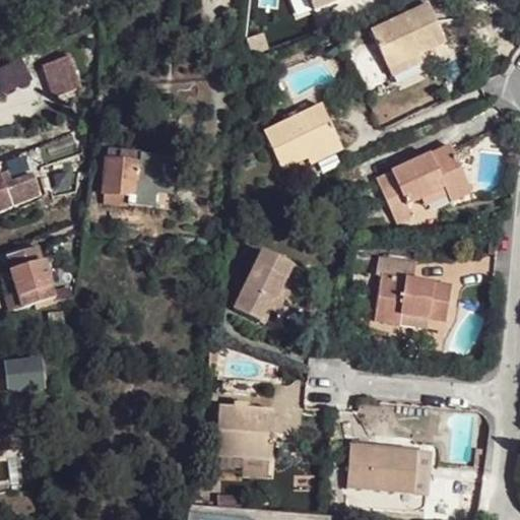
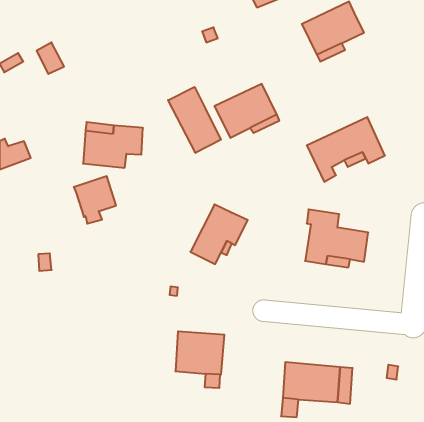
building: none -> [168,87,221,153]
building: [7,246,59,304] -> [74,176,116,224]
building: [6,361,41,390] -> none

